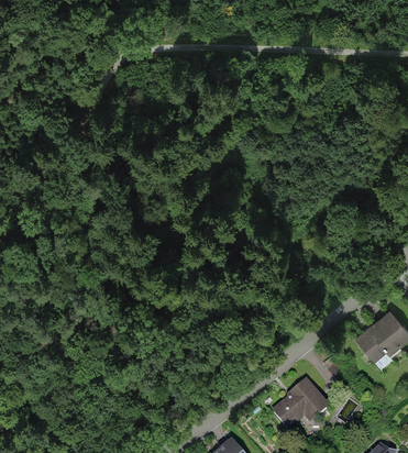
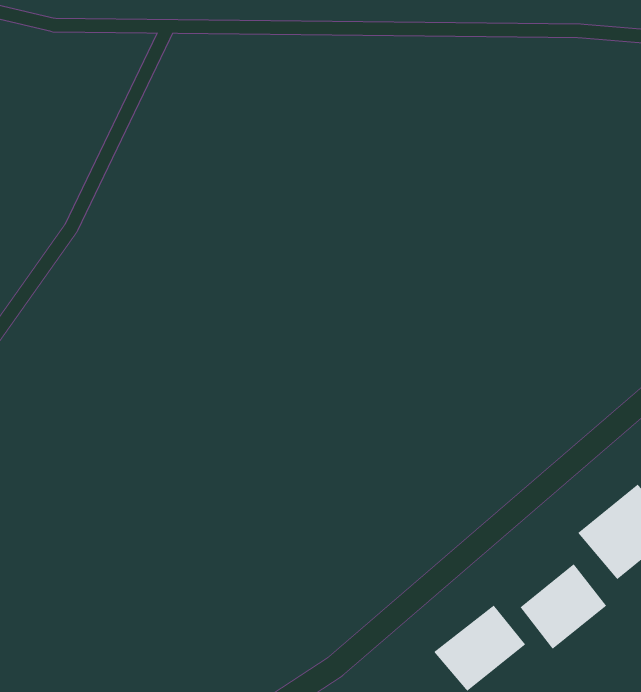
building: none -> [519,563,607,650]

